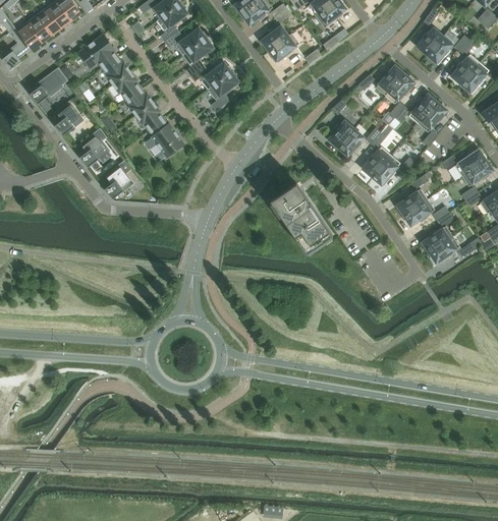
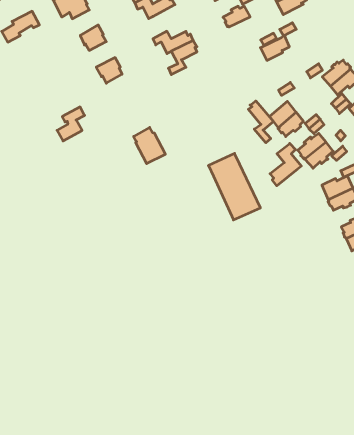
building: [269,33,299,62] -> [260,35,289,60]
building: [182,36,214,75] -> none
building: [102,56,130,84] -> none
building: [125,86,154,115] -> none
building: [55,101,81,135] -> none
building: [149,118,185,157] -> [134,127,165,164]
building: none -> [248,101,273,143]
building: [79,127,107,167] -> none
building: none -> [270,143,301,186]

